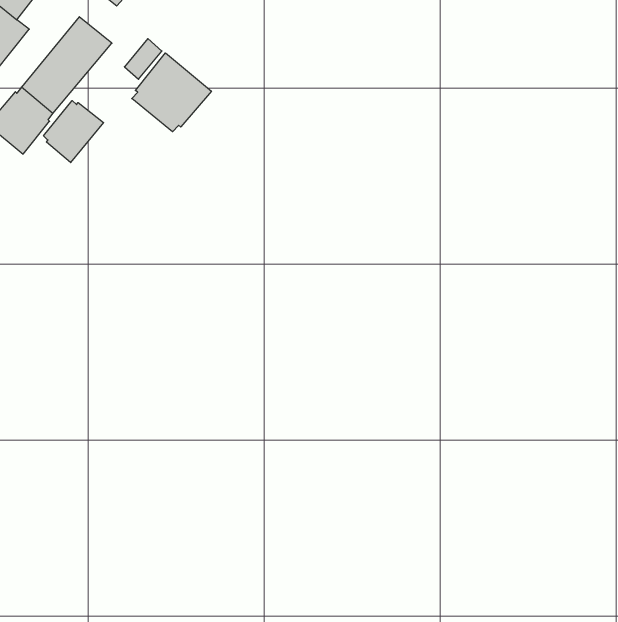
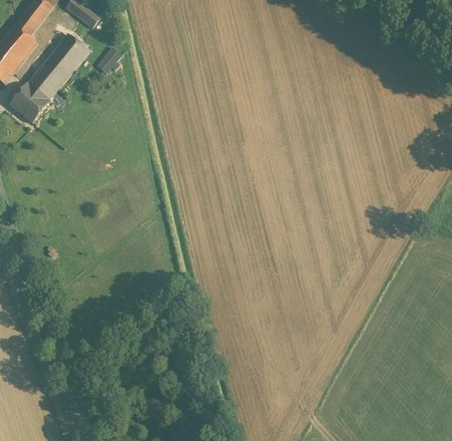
building: [132,53,211,132] -> none
building: [44,101,104,163] -> none

